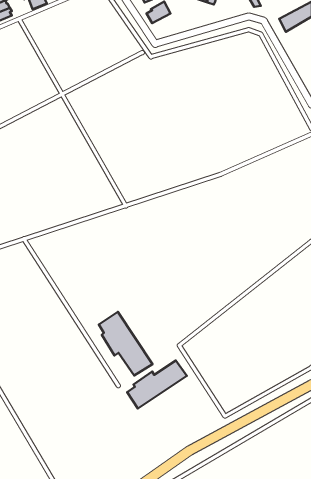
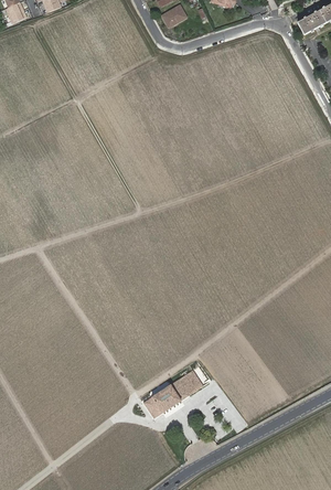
building: [99,312,153,376] -> none

